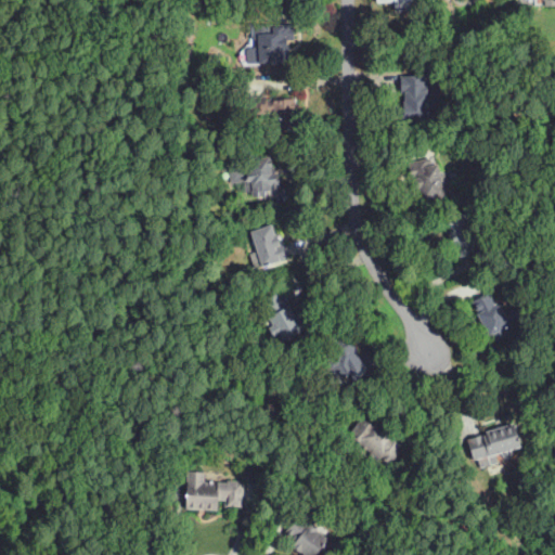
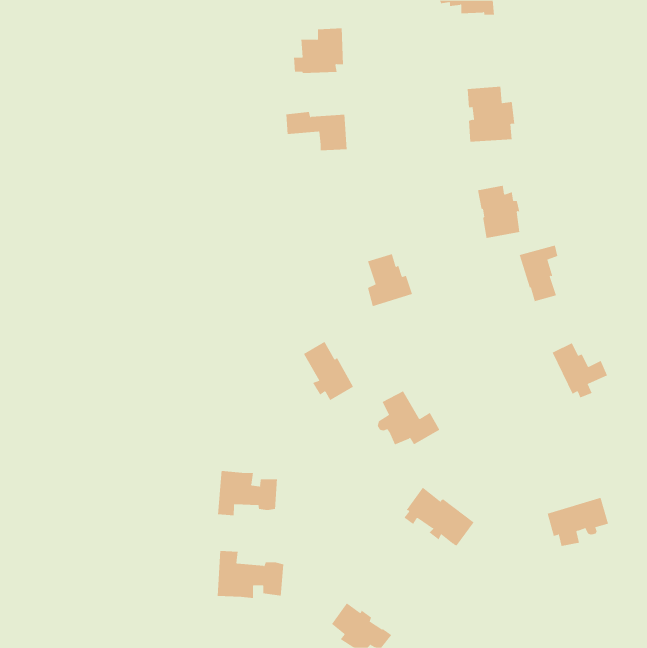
building: [229,157,281,197] -> none
building: [249,224,288,270] -> [367,254,413,307]
building: none -> [218,470,277,516]

